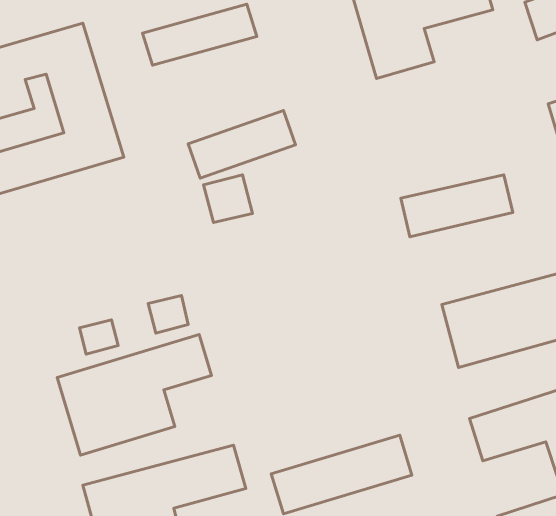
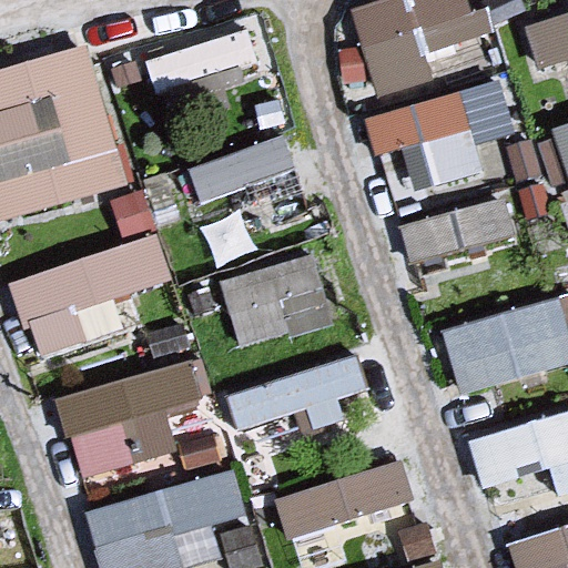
building: none -> [364,83,514,184]
building: none -> [7,239,170,353]
building: none -> [219,255,322,345]
building: none -> [225,355,367,429]

